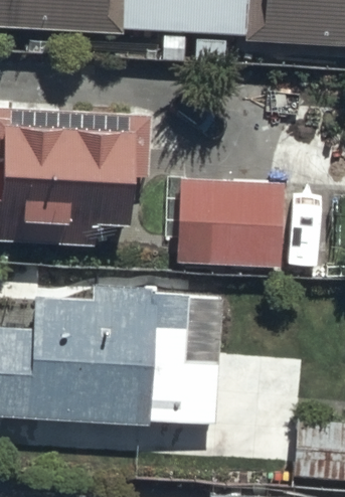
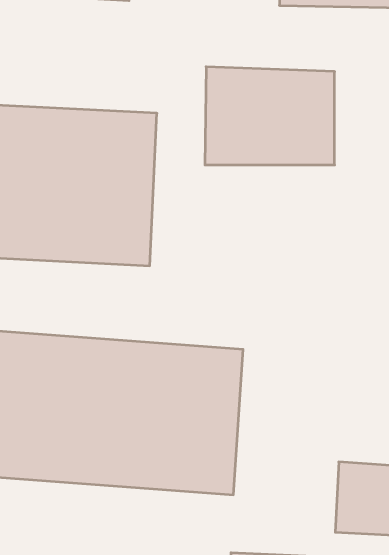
building: [174,177,282,259] -> [205,67,335,165]

